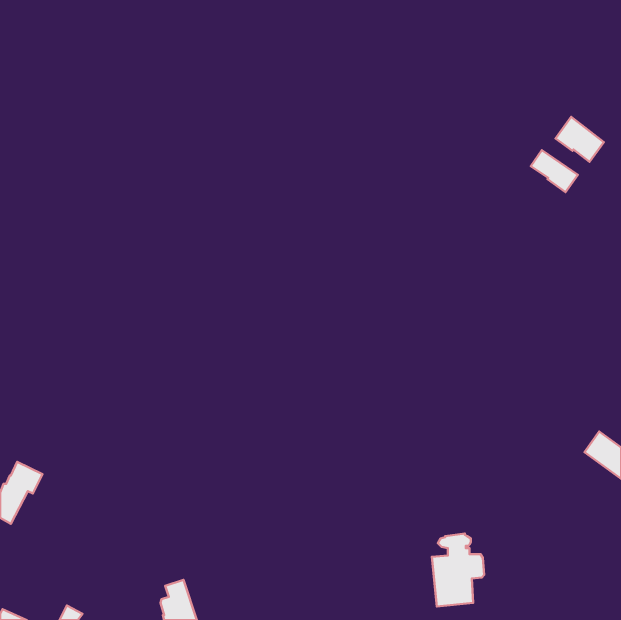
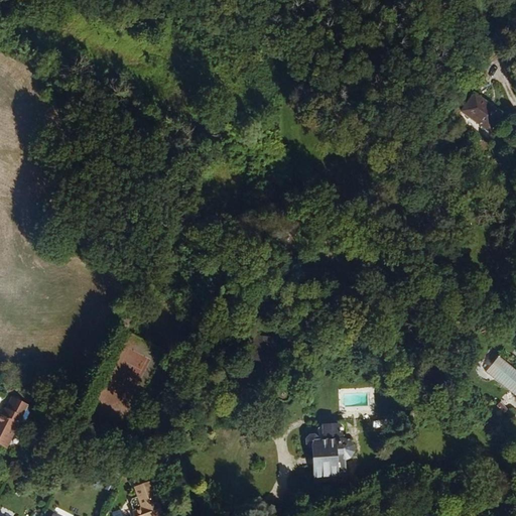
building: [531,150,578,192] -> none
building: [432,534,484,607] -> [310,420,354,481]

